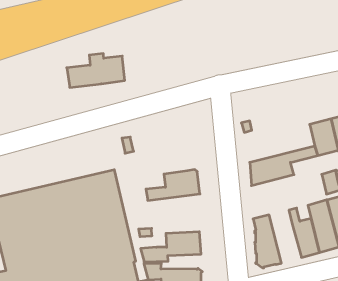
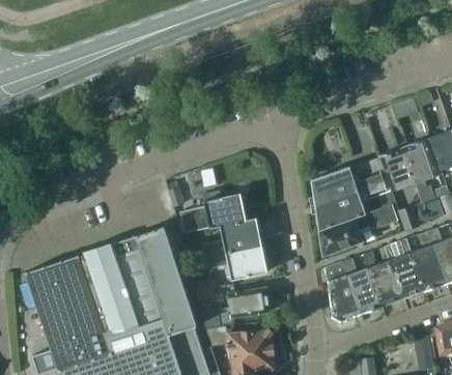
building: [67,54,125,87] -> [179,192,246,233]
building: none -> [312,157,387,204]
building: none -> [319,204,398,254]
building: none -> [204,244,267,280]
building: none -> [342,258,383,314]

